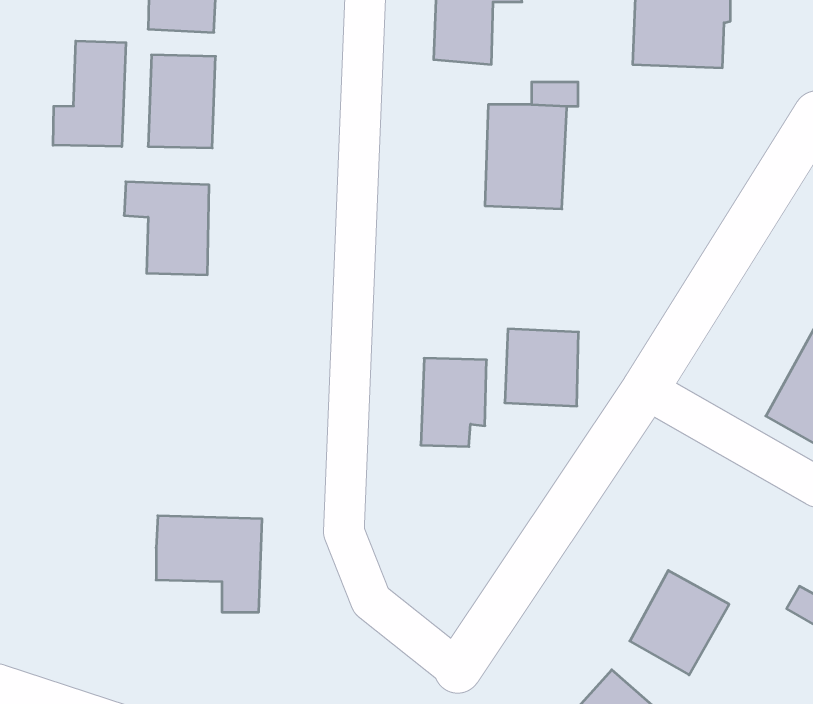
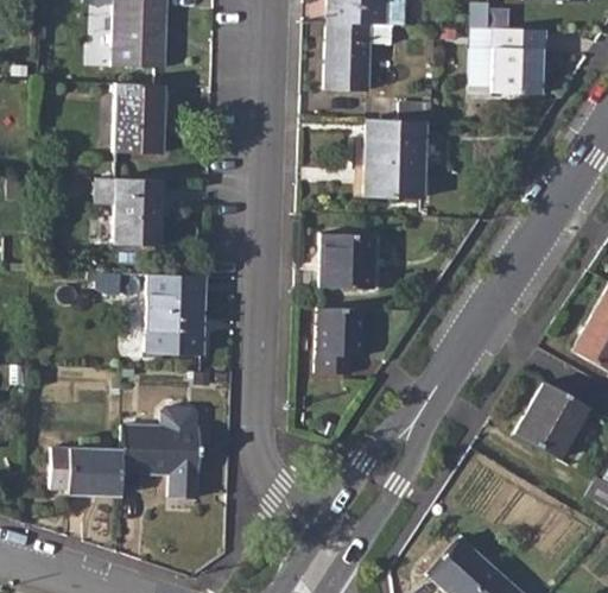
building: [53,41,126,147] -> none
building: none -> [145,273,205,353]
building: [505,329,579,406] -> [318,232,373,289]
building: none -> [51,447,120,494]
building: [630,570,729,675] -> [513,381,587,459]

